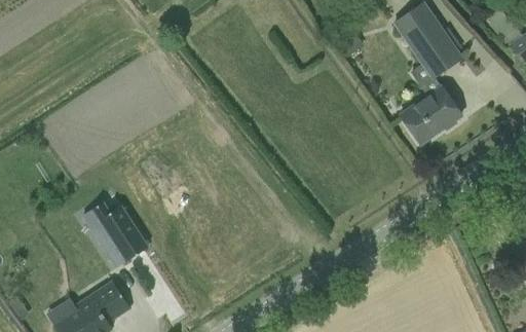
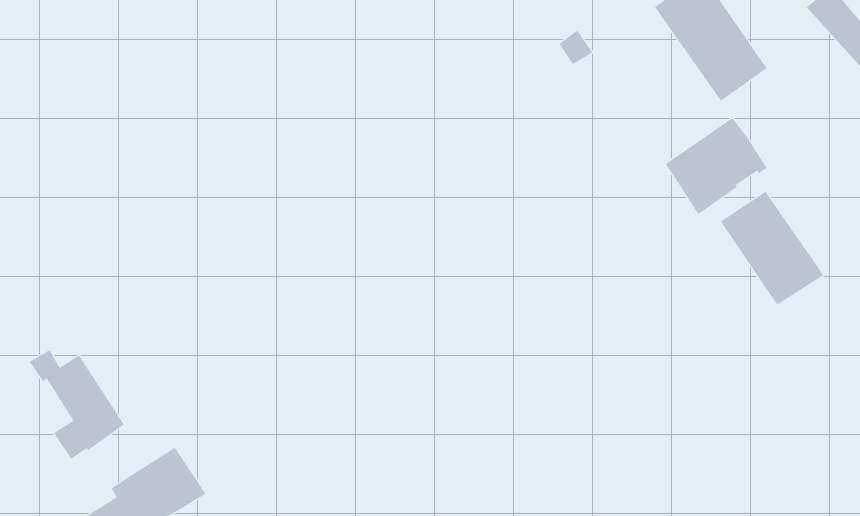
building: none -> [720,191,824,306]
building: [85,204,142,268] -> [29,349,125,459]

